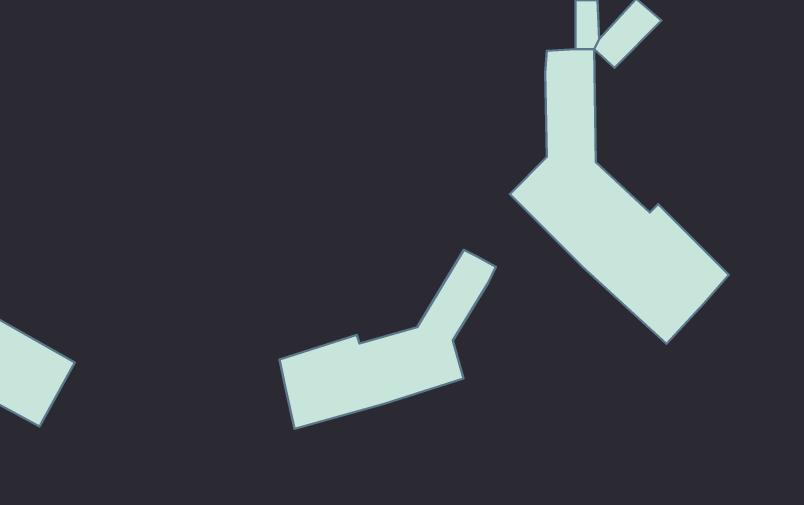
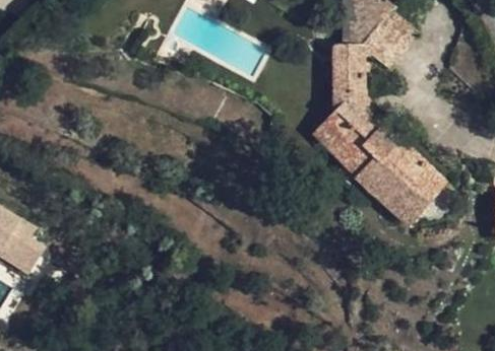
building: [279,250,496,429] -> none

